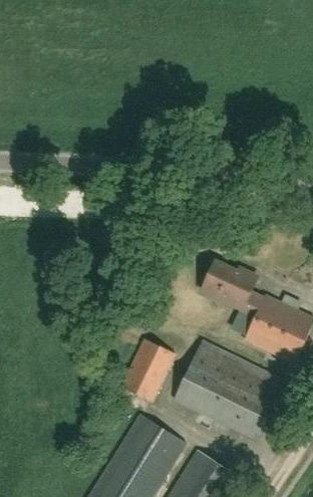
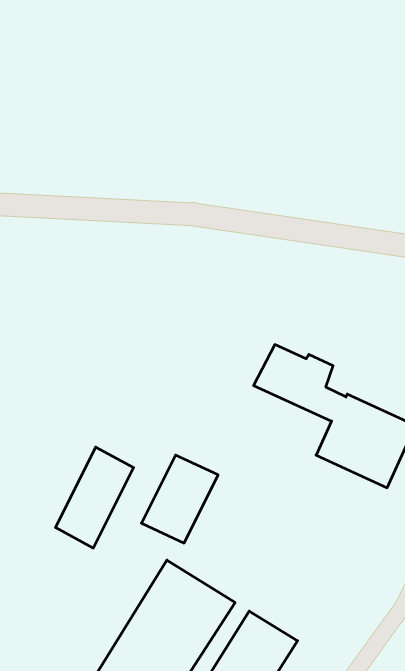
building: none -> [56,447,134,548]
building: [173,340,285,440] -> none

